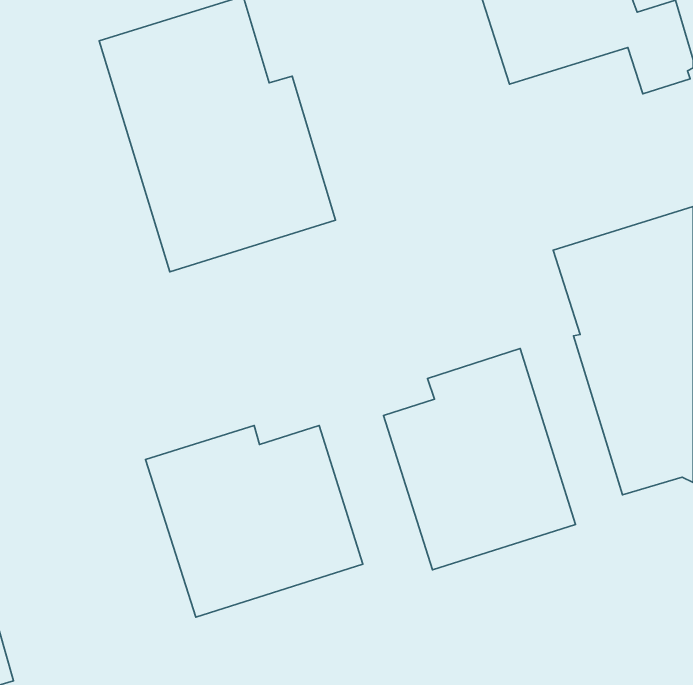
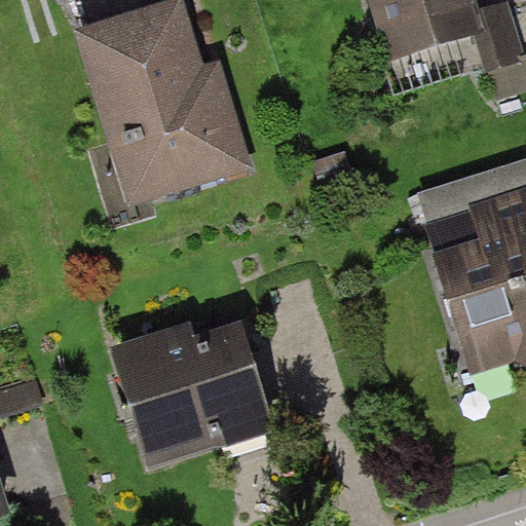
building: [383,348,576,570] -> none

